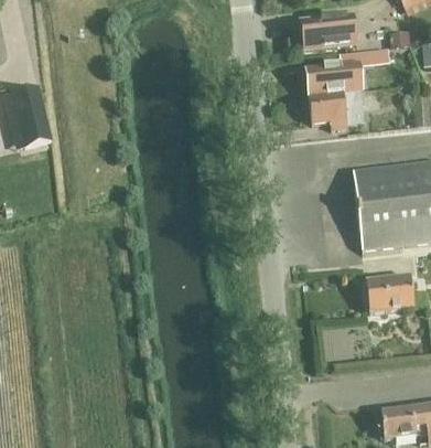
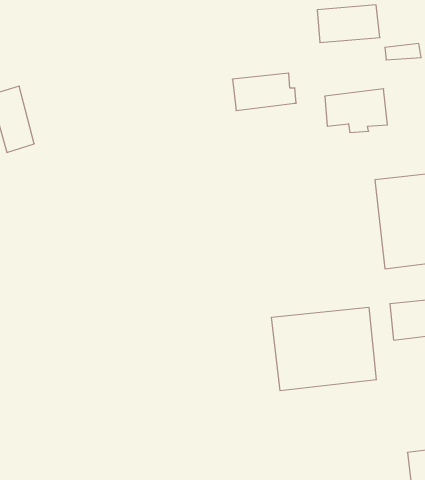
building: [304,62,360,95] -> [232,73,296,111]
building: none -> [271,307,376,391]

